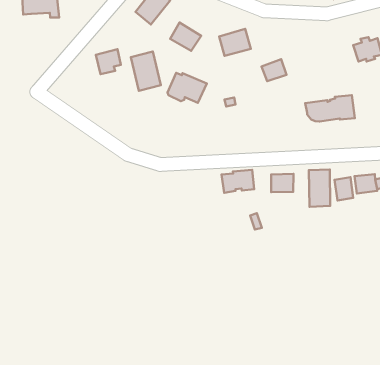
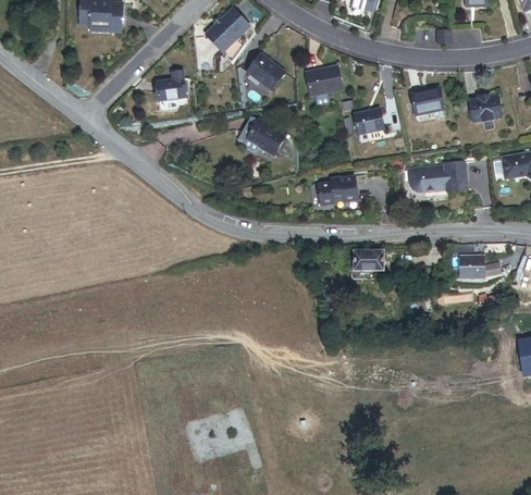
building: none -> [412,87,446,114]
building: [131,51,161,91] -> none
building: [309,169,330,207] -> none
building: [222,170,254,193] -> [316,178,354,203]
building: [335,177,353,201] -> none

